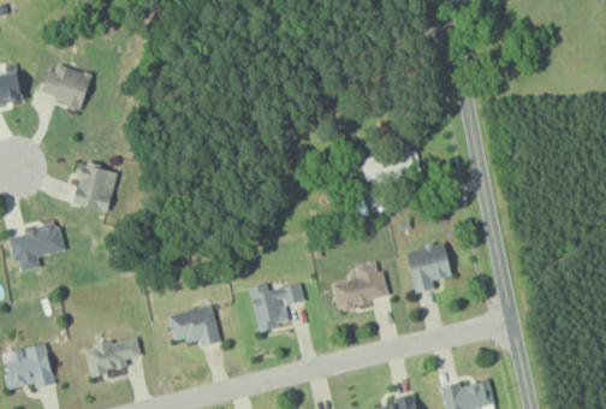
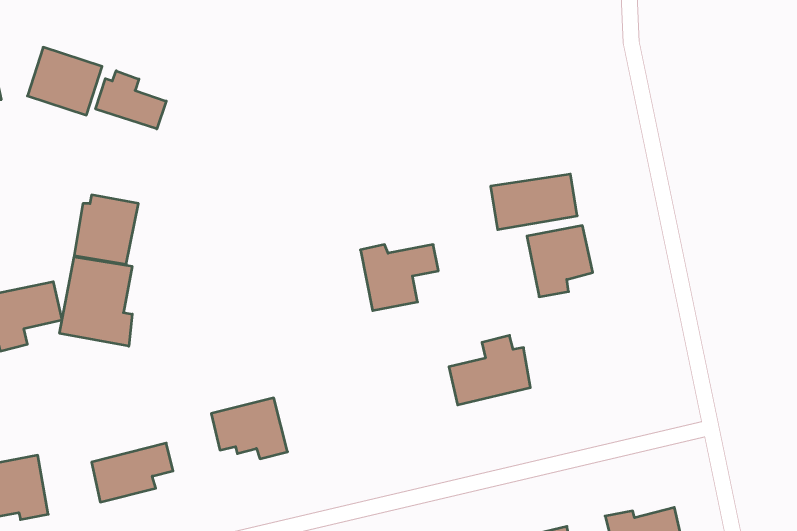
building: none -> [96,71,166,129]
building: none -> [60,257,132,346]
building: [405,243,451,292] -> [527,226,593,297]
building: [249,284,303,330] -> [360,245,438,311]

